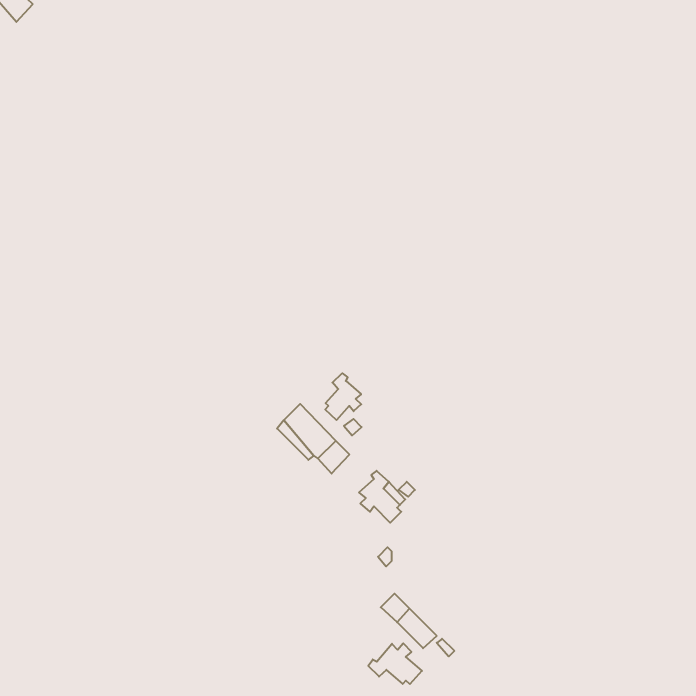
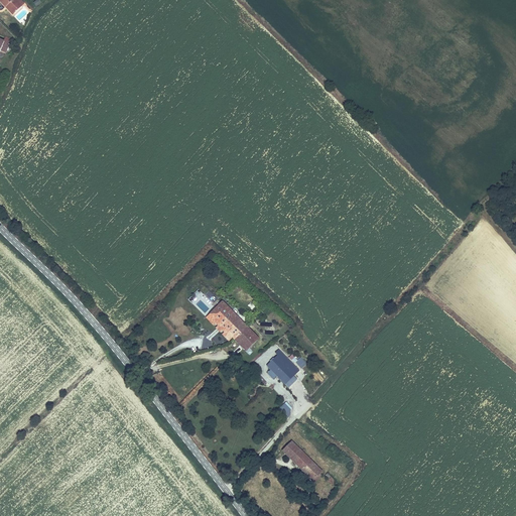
building: [325,373,361,420] -> none
building: [368,643,422,684] -> none

